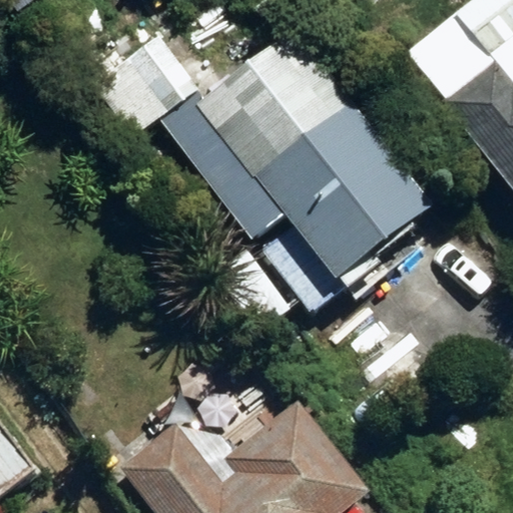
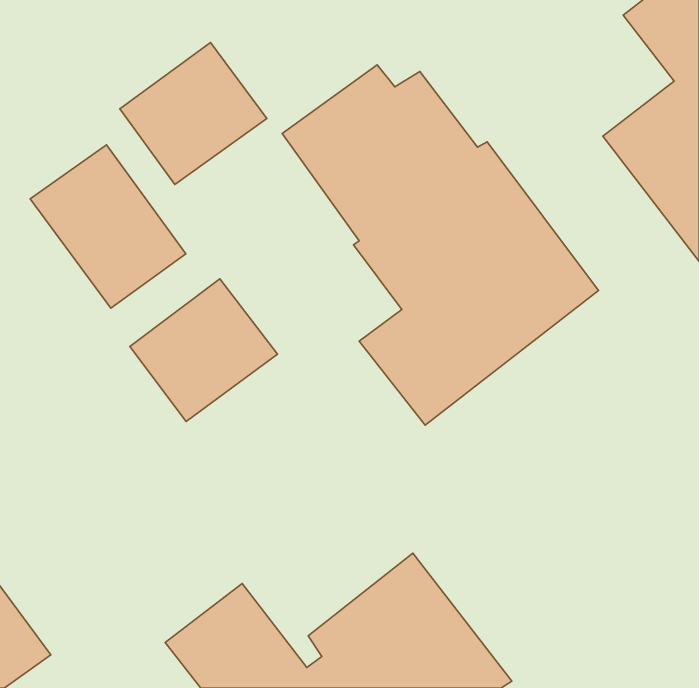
building: none -> [30,145,186,308]
building: none -> [130,279,278,421]

